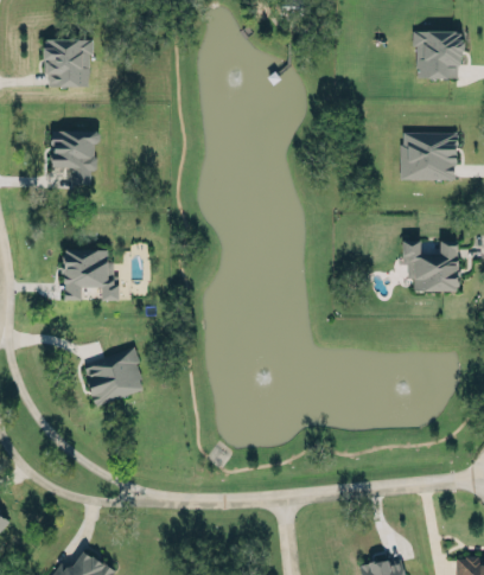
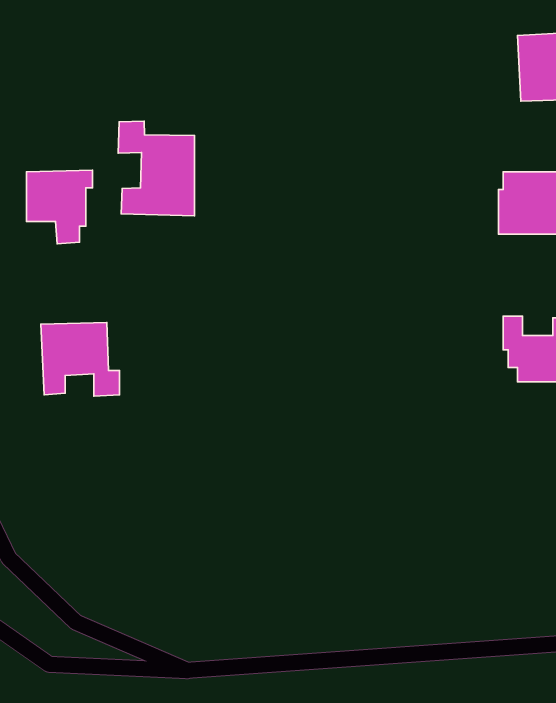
building: [43,39,93,87] -> none
building: none -> [118,121,195,216]
building: [81,351,146,409] -> none

